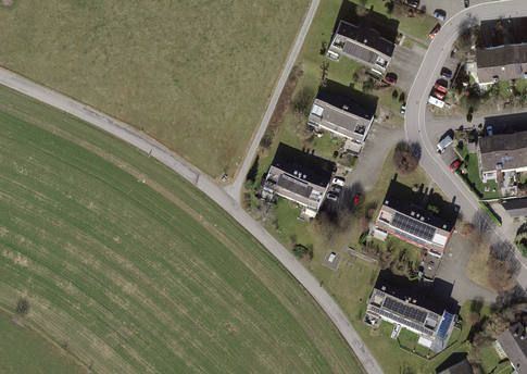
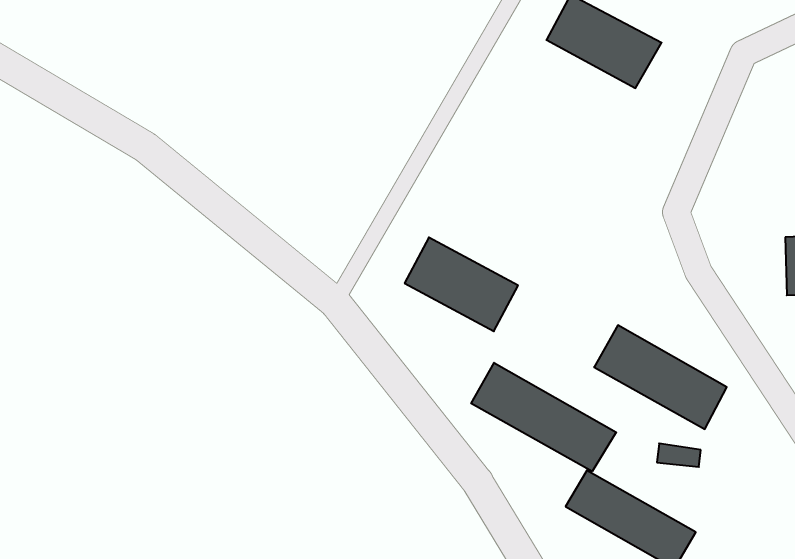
building: [309,96,374,145] -> none
building: none -> [471,363,616,471]

